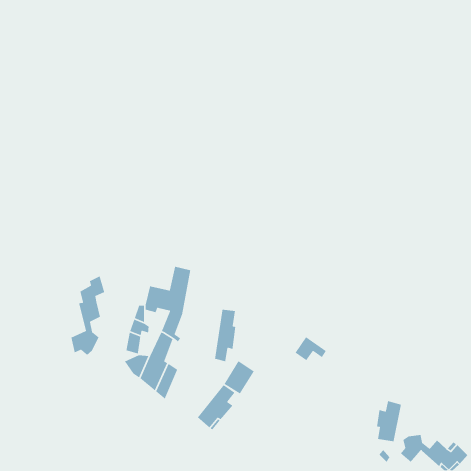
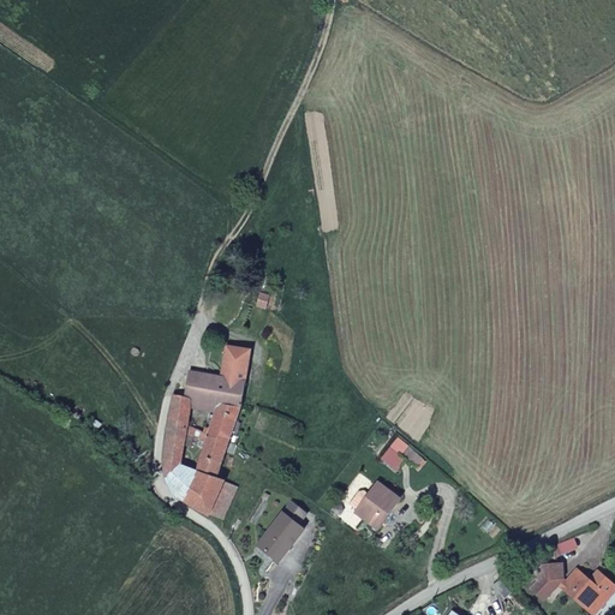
building: [71,275,105,356] -> none
building: [214,309,236,362] -> none
building: [223,360,255,394] -> [359,483,400,527]
building: [376,400,402,442] -> none

